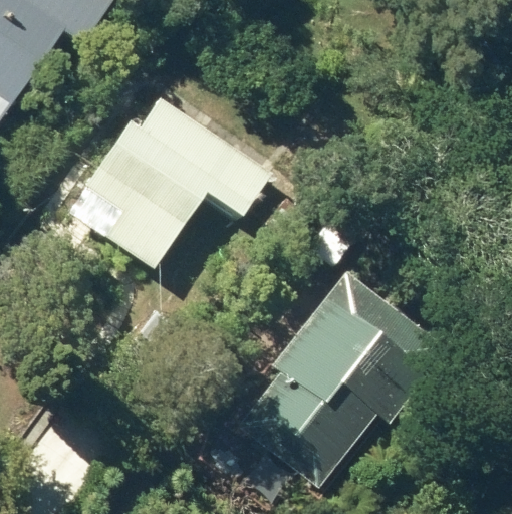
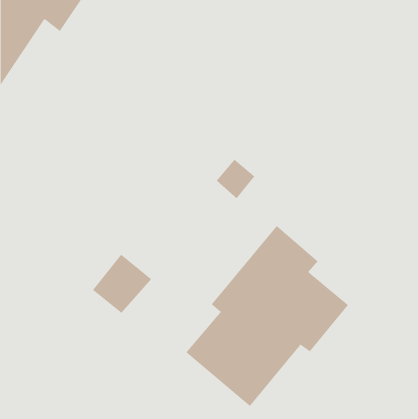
building: [84,96,274,268] -> none

